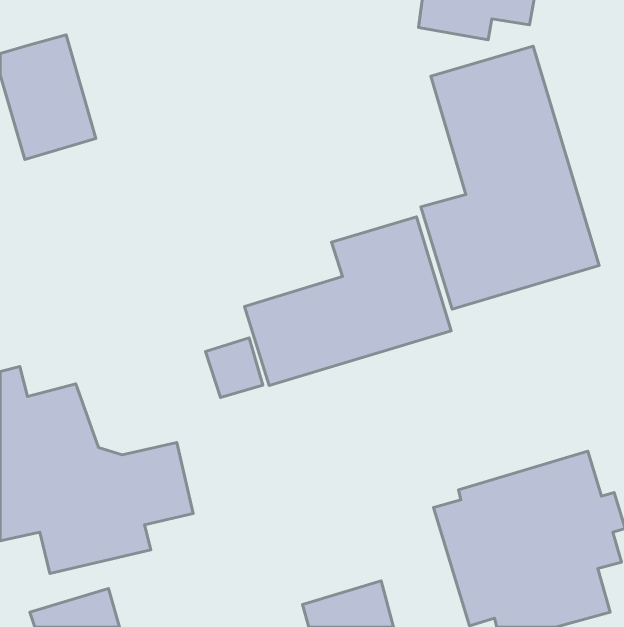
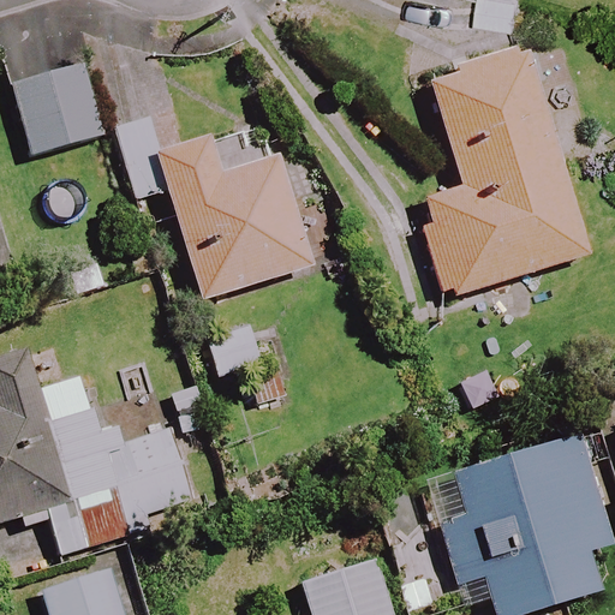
building: none -> [117,113,312,300]
building: [245,217,451,386] -> none

